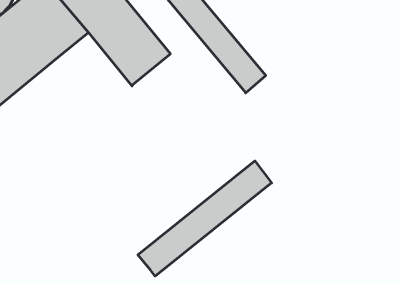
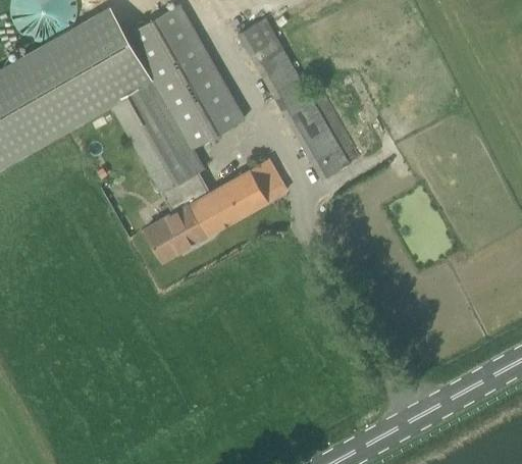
building: none -> [114,79,289,259]
building: [138,161,272,276] -> none

